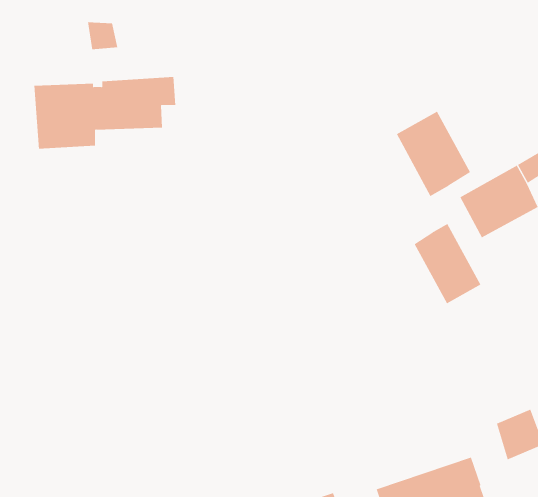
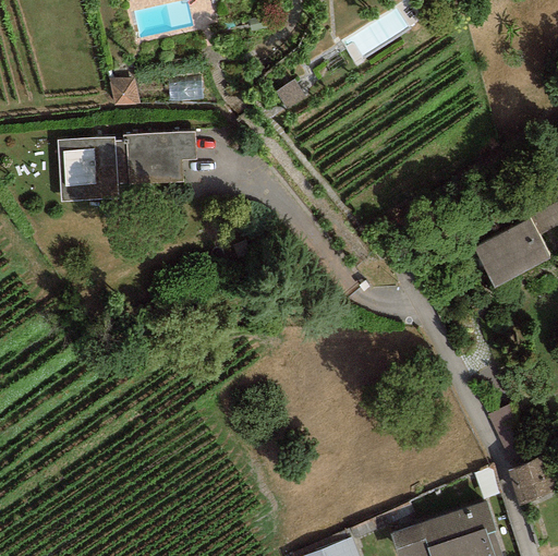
building: [396,111,471,197] -> none
building: [414,223,481,304] -> none

